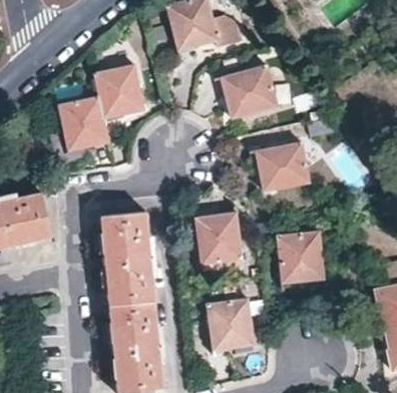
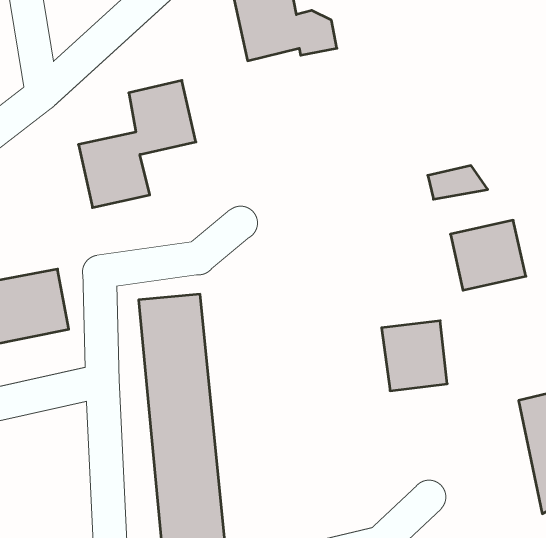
building: [225,73,282,126] -> none
building: [259,147,313,198] -> [450,220,526,290]
building: [197,213,246,263] -> none
building: [208,299,255,349] -> none

